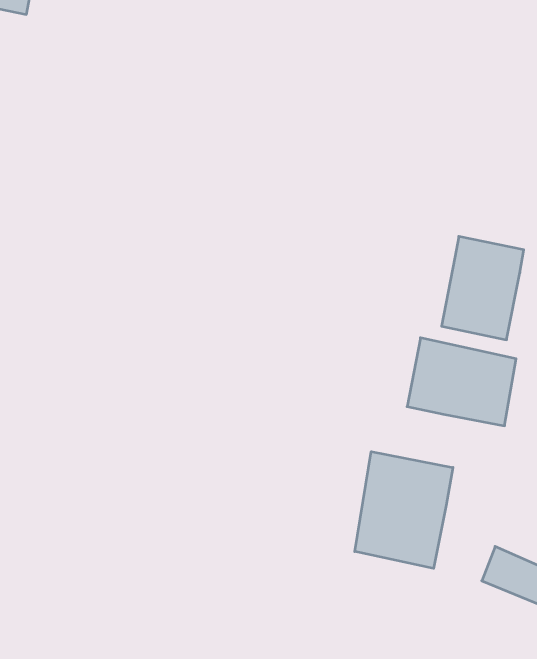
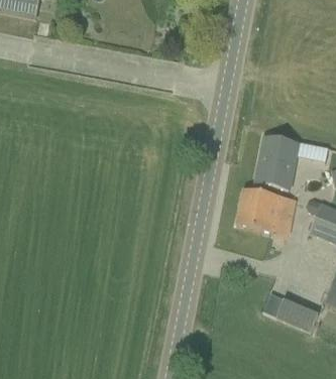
building: [355,452,453,568] -> none

